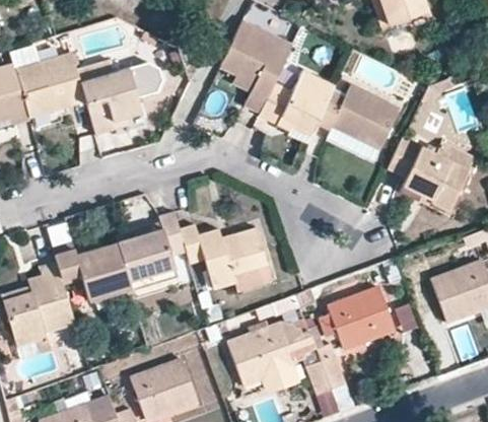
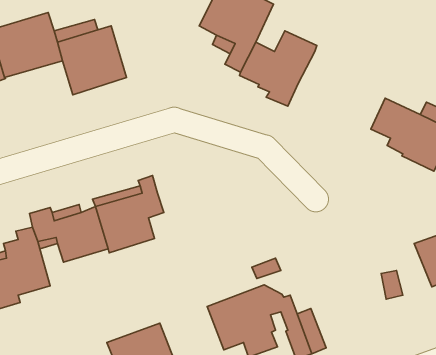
building: [318,84,400,149] -> none
building: [180,226,272,291] -> none
building: [319,286,397,350] -> none

